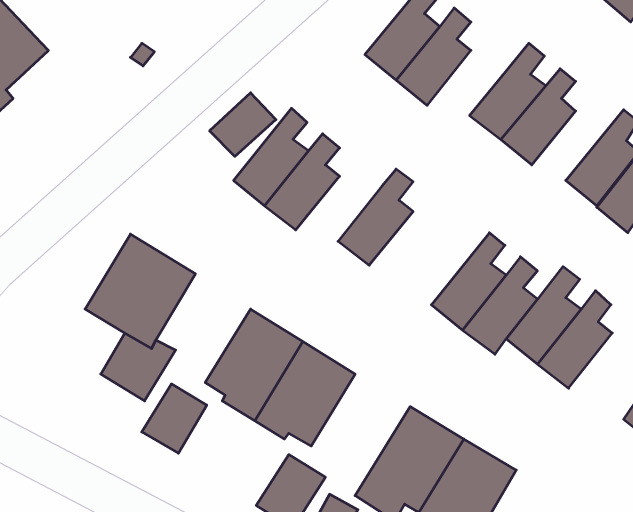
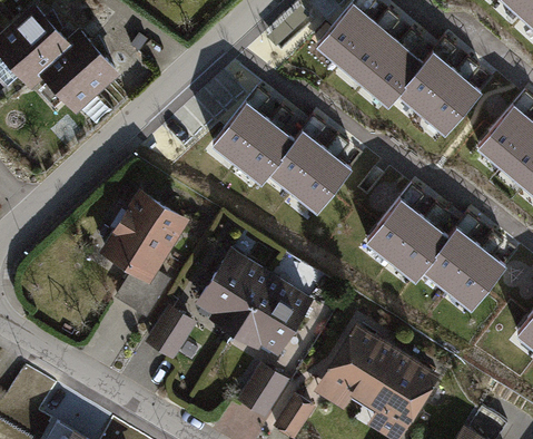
building: none -> [34,26,121,118]
building: none -> [366,30,425,106]
building: none -> [272,117,330,194]

